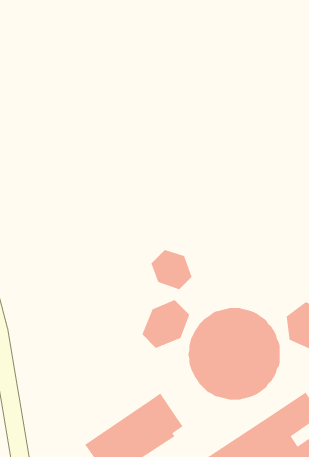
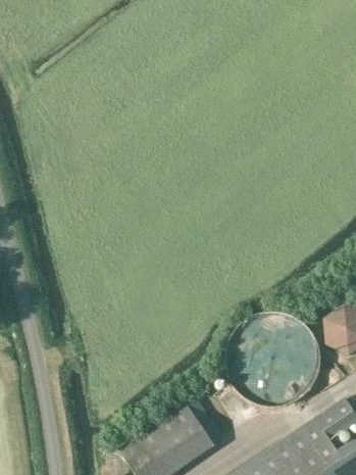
building: [150,249,192,290] -> none
building: [141,299,190,349] -> none

